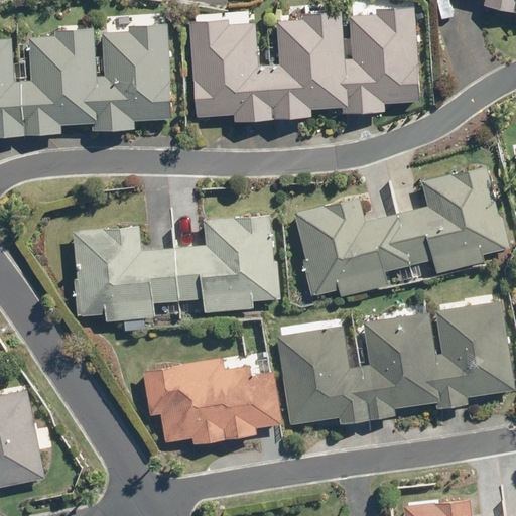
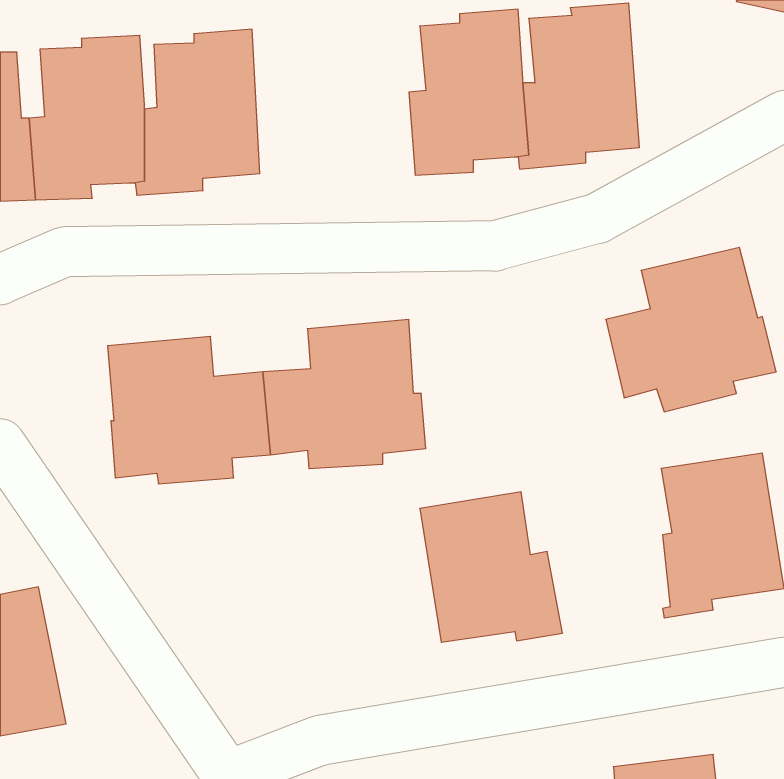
building: [188,19,273,122] -> none
building: [294,197,410,297] -> none
building: [360,311,440,419] -> none
building: [142,358,282,444] -> none

